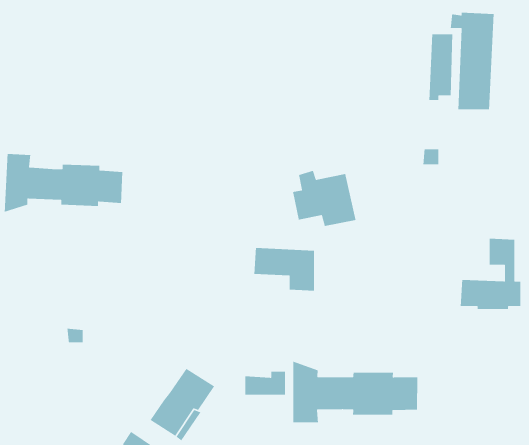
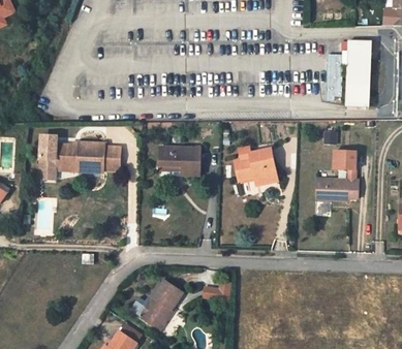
building: [460,238,521,310] -> [316,151,358,199]
building: [253,247,315,292] -> [158,146,199,176]
building: [293,361,418,423] -> none

